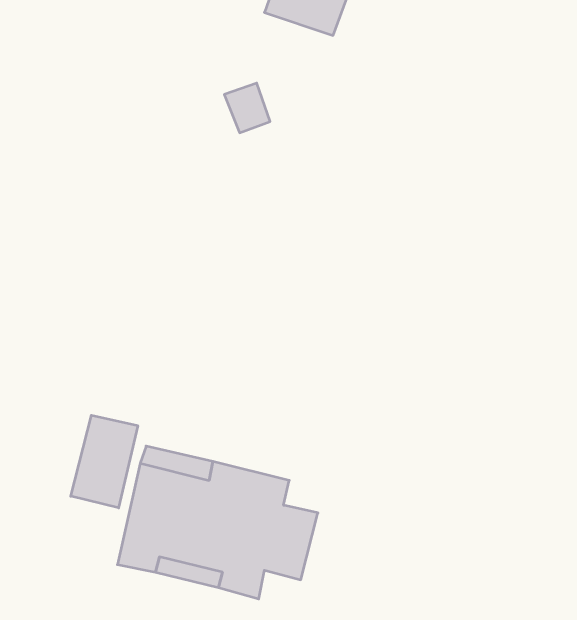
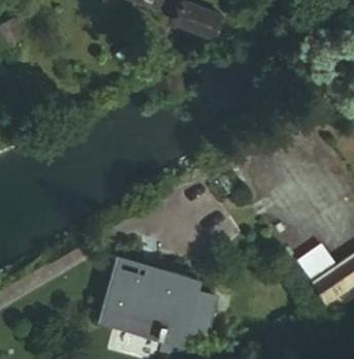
building: [71,415,138,508] -> none

